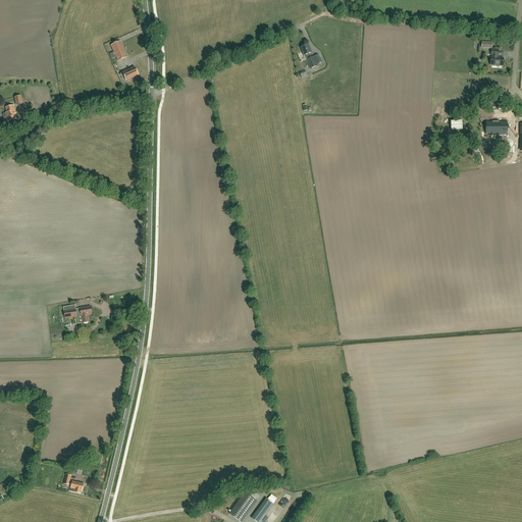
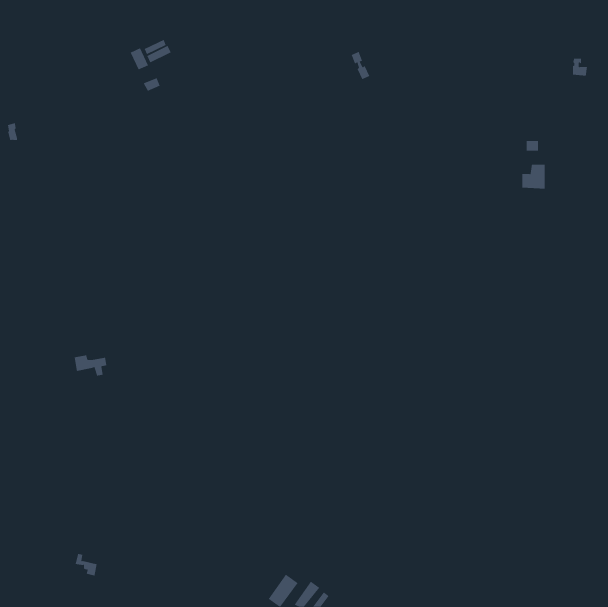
building: [486,113,507,135] -> [522,164,545,189]

